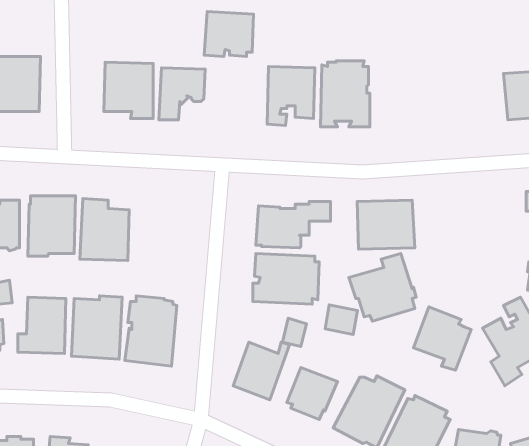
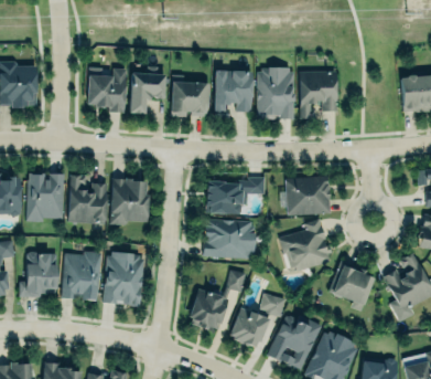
building: [204,11,253,56] -> [171,81,209,116]
building: none -> [299,70,337,118]
building: none -> [109,177,150,224]
building: [325,305,357,334] -> [259,293,284,316]

